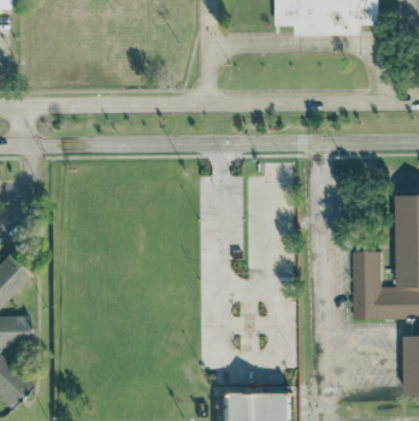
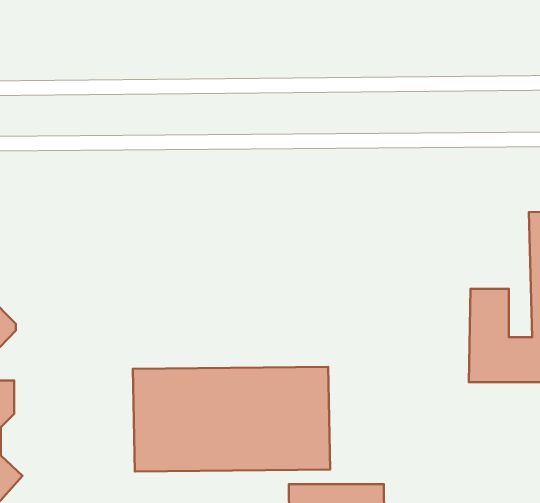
building: none -> [133,367,330,471]

